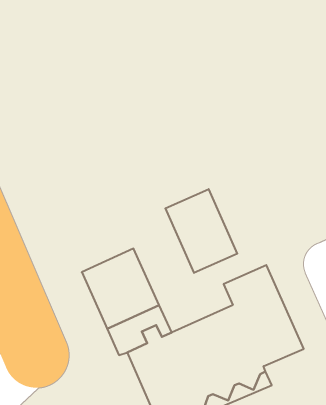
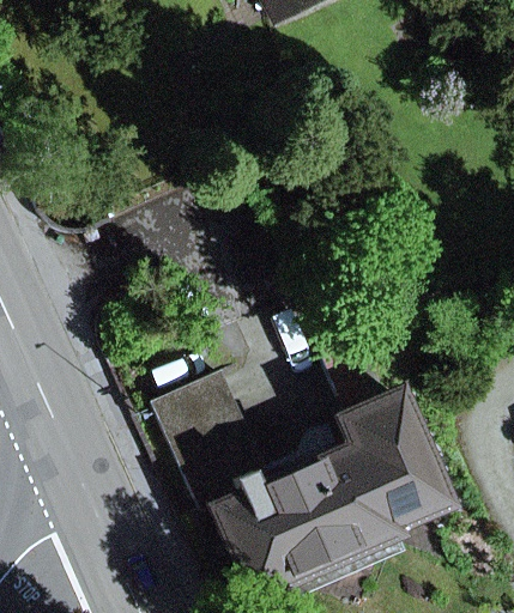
building: [165,189,237,273] -> none

